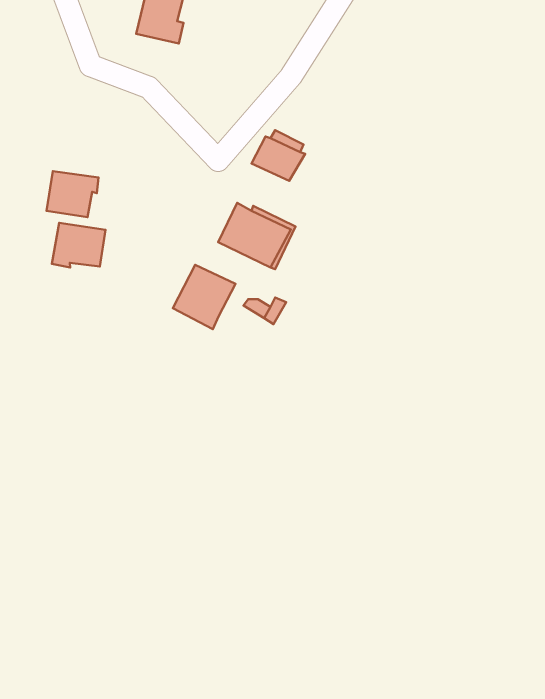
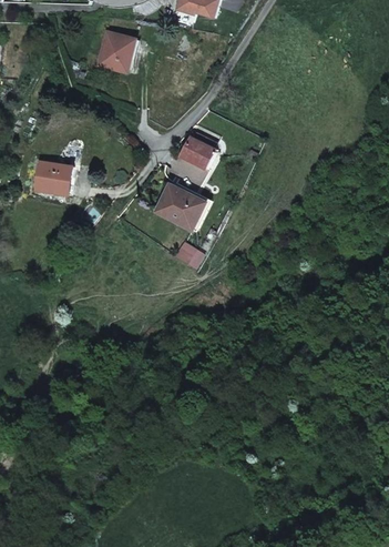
building: [52,223,105,267] -> none
building: [173,265,236,329] -> none

